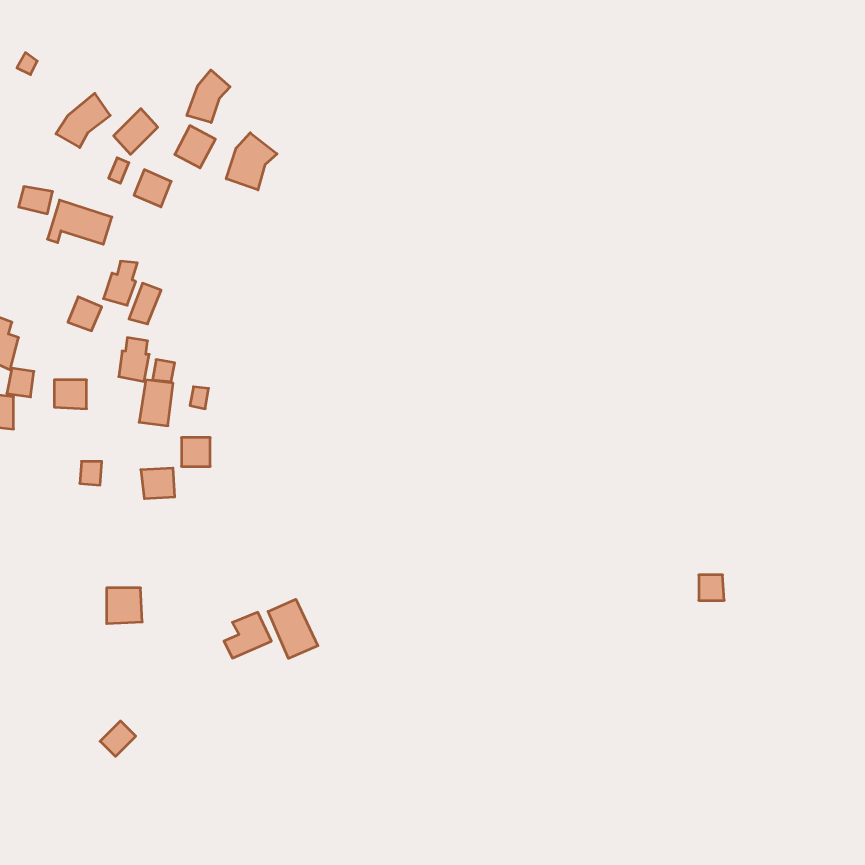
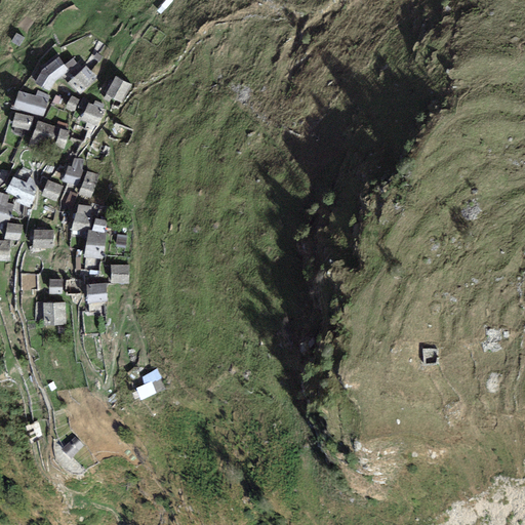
building: [187,70,230,123] -> none
building: [226,133,277,190] -> none
building: none -> [13,91,46,115]
building: none -> [5,176,35,206]
building: [107,588,142,624] -> [43,302,65,324]
building: [268,599,318,658] -> none

